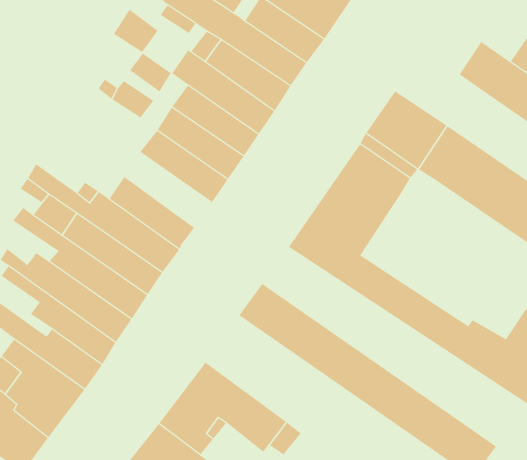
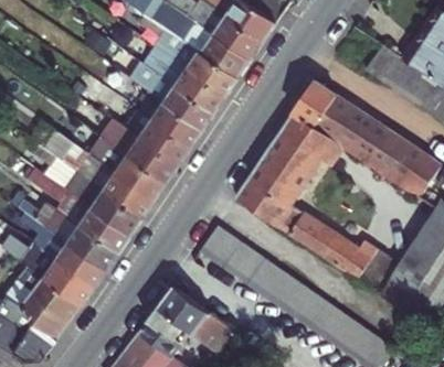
building: none -> [103,120,179,183]

